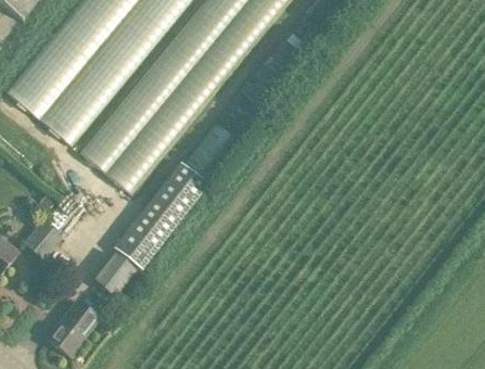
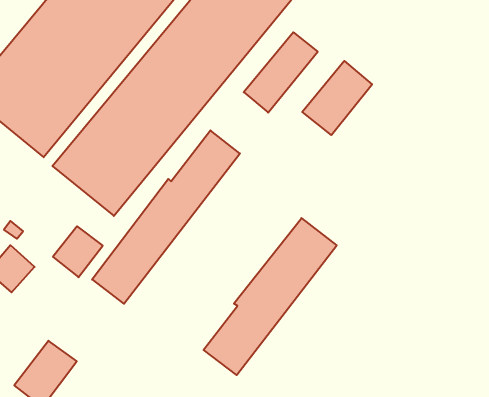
building: none -> [302,61,372,135]
building: none -> [204,218,337,375]
building: [93,253,136,296] -> [53,226,103,277]

